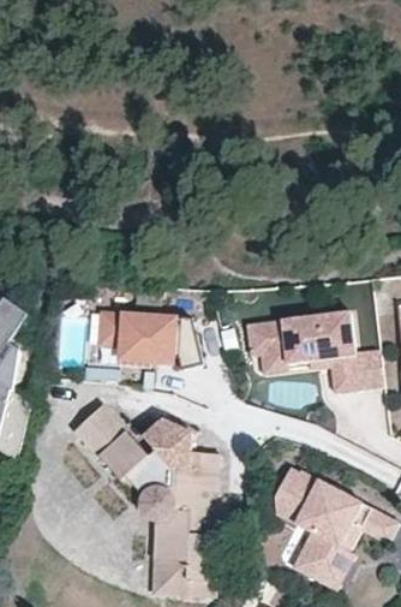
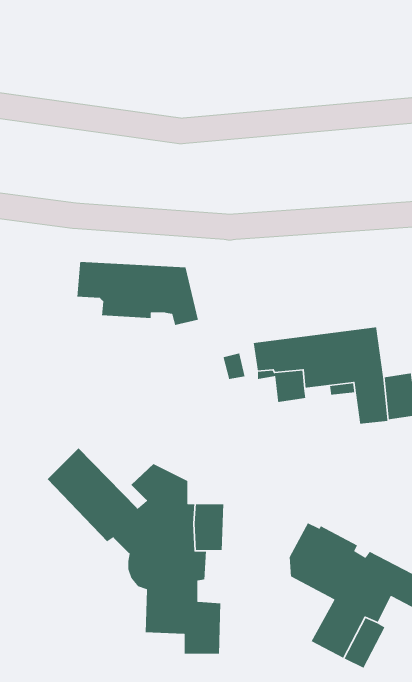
building: [100,313,202,367] -> [77,261,199,326]
building: [152,560,216,596] -> none

